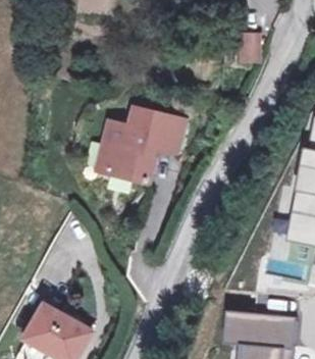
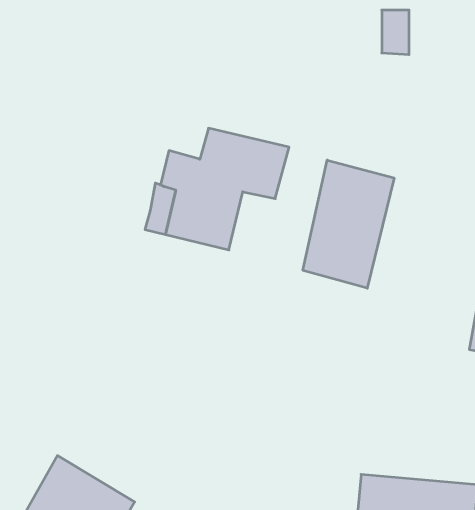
building: none -> [303,160,394,288]

